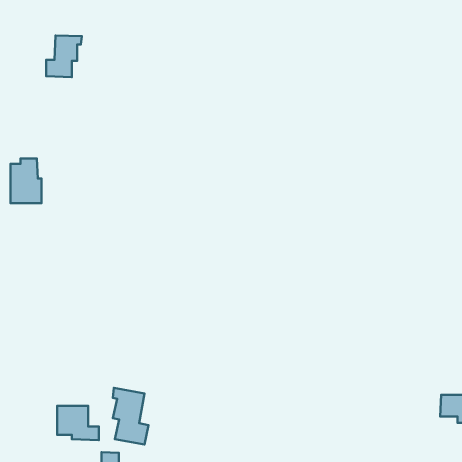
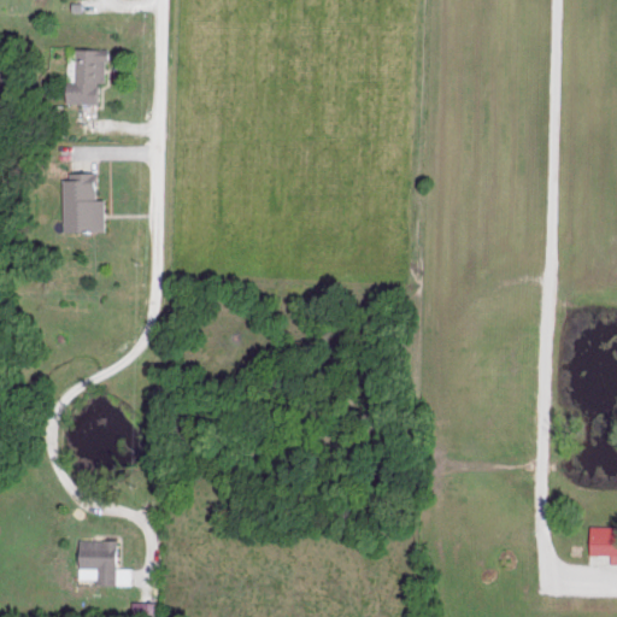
building: [11,159,41,203] -> [63,174,104,233]
building: [113,388,149,445] -> none

